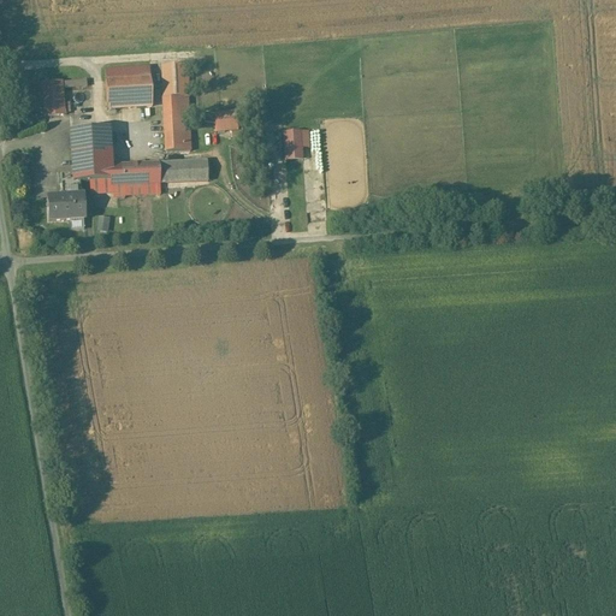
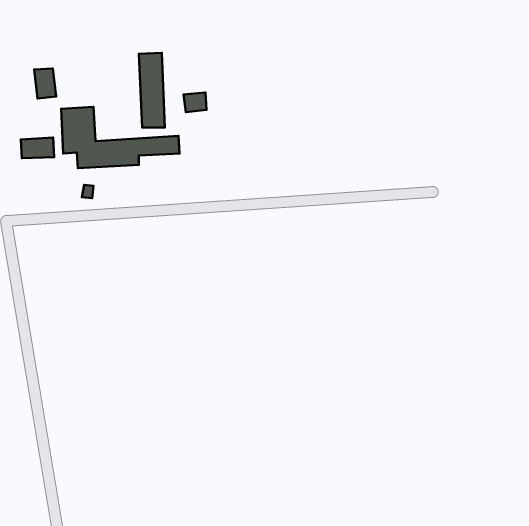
building: [105,64,152,107] -> none
building: [283,129,303,158] -> none
building: [46,195,84,219] -> [21,137,54,158]

